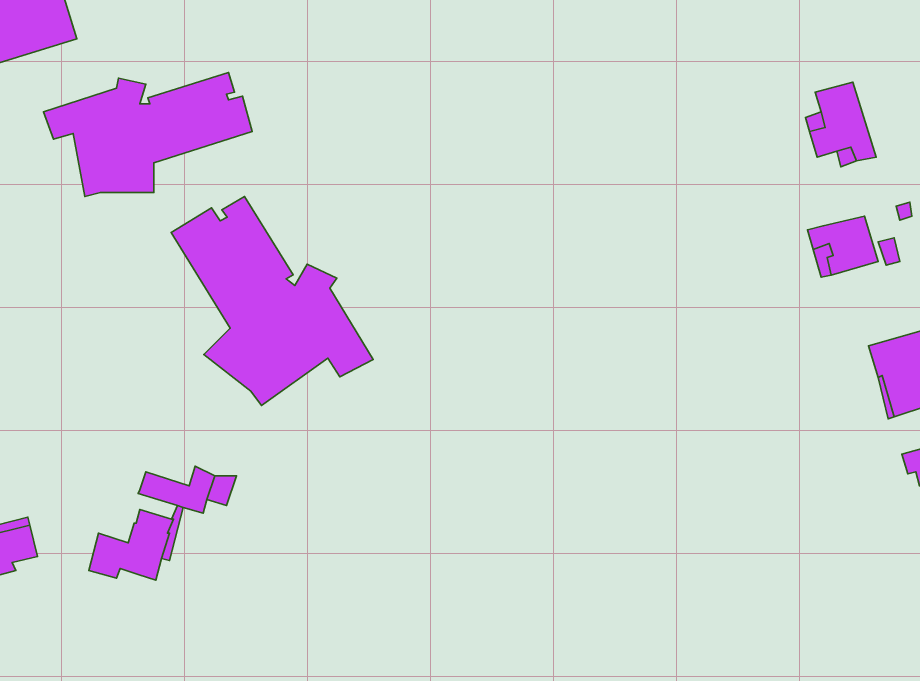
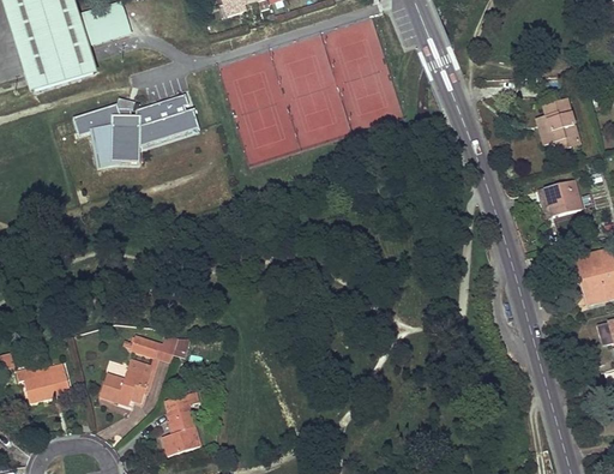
building: [171,196,373,406] -> none
building: none -> [162,391,200,456]

